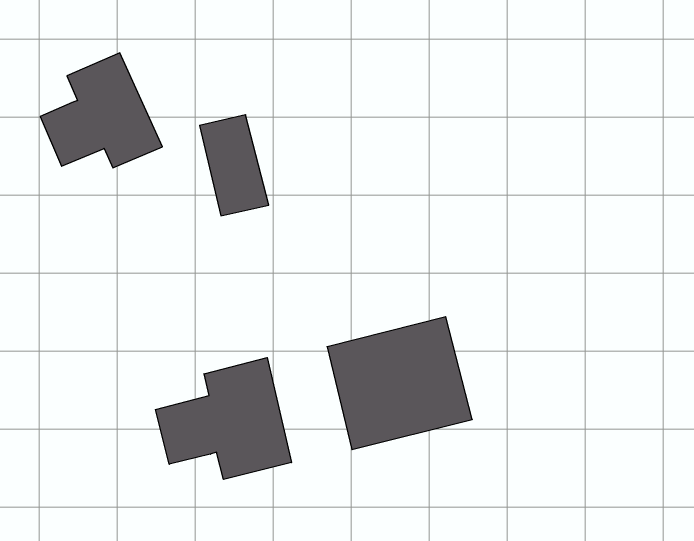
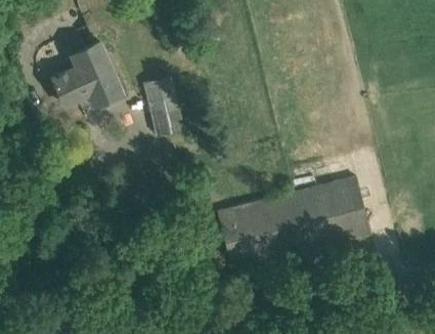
building: none -> [287,176,371,253]
building: [155,358,291,479] -> none

